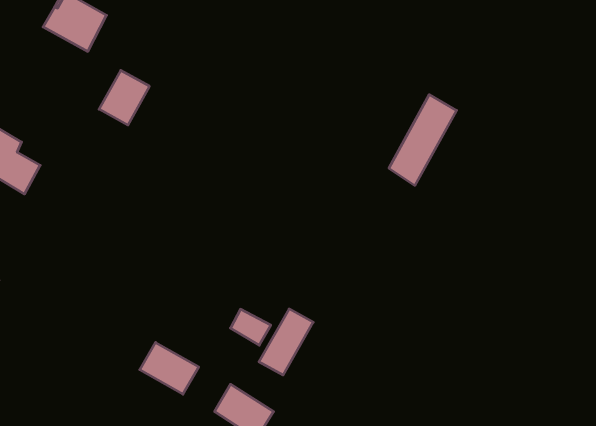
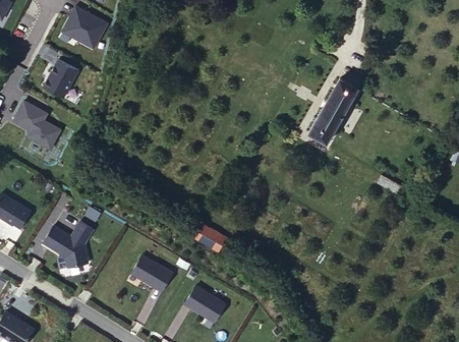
building: [99,70,149,125] -> [45,57,80,96]
building: none -> [45,219,95,265]
building: [259,309,313,375] -> none

